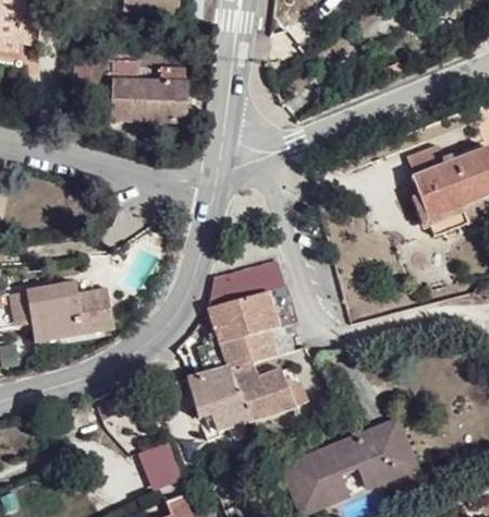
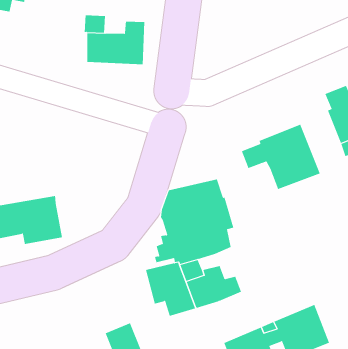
building: none -> [241,124,321,190]
building: [76,286,114,334] -> none

